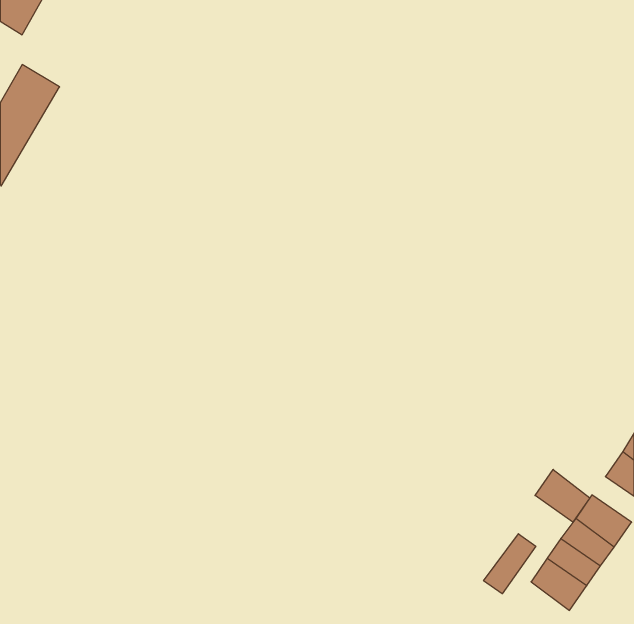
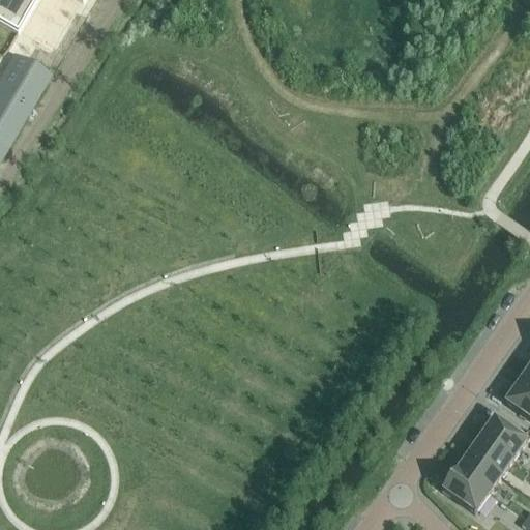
building: [535,469,590,522] -> none
building: [484,534,536,594] -> none

